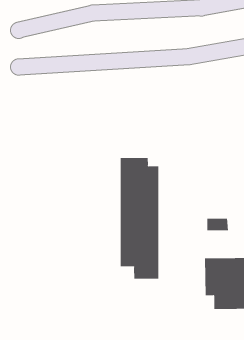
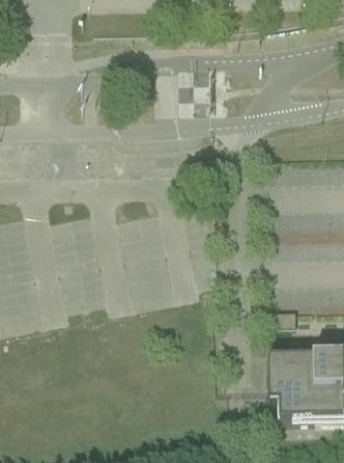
building: [120,157,159,279] -> none

